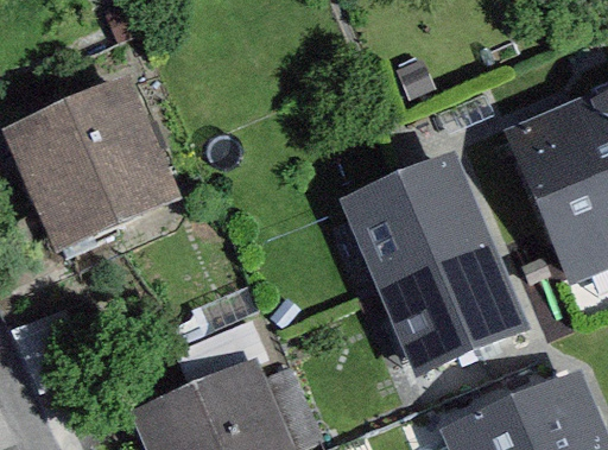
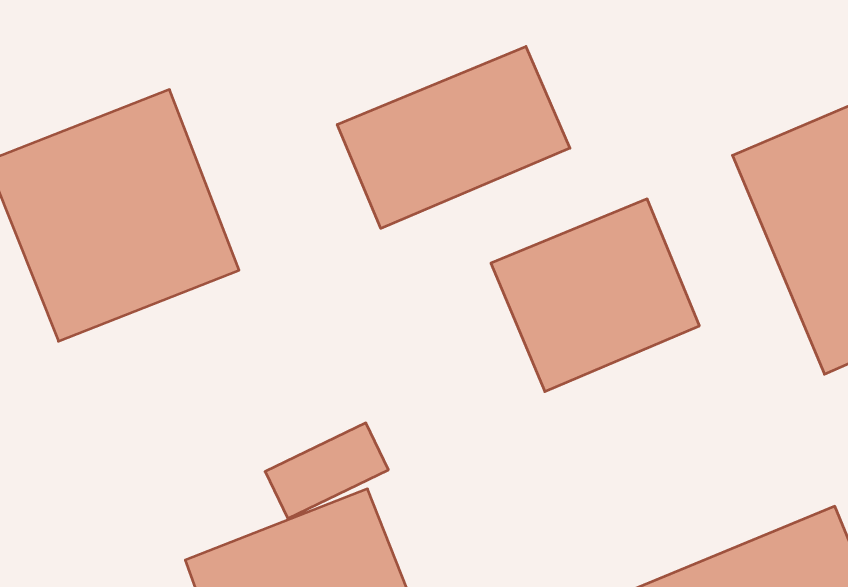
building: none -> [337,46,570,228]
building: [381,245,524,378] -> none

